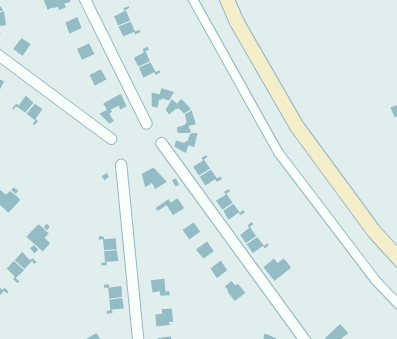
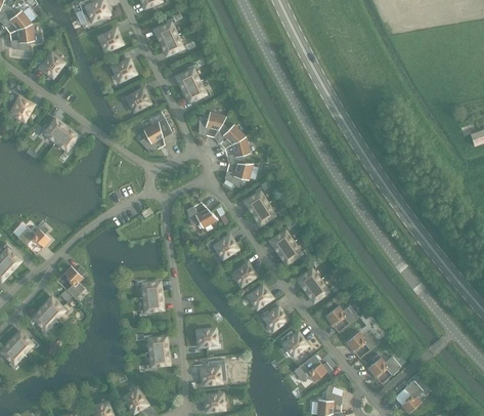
building: none -> [344,329,377,357]
building: none -> [292,352,329,380]
building: none -> [365,355,398,382]

